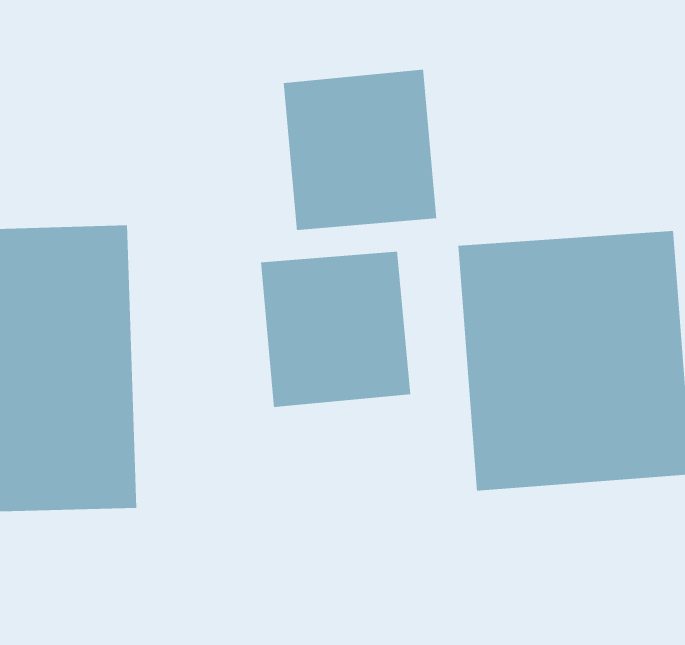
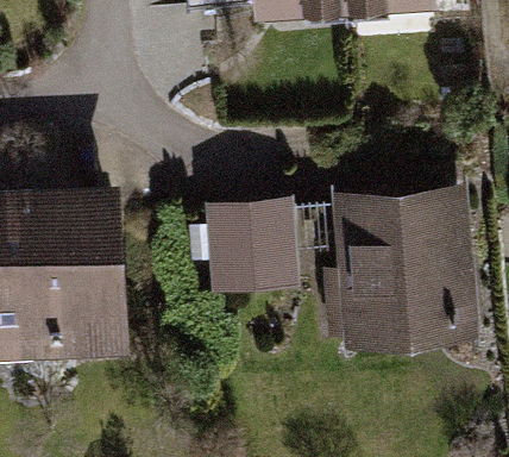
building: [283,69,437,231] -> none

